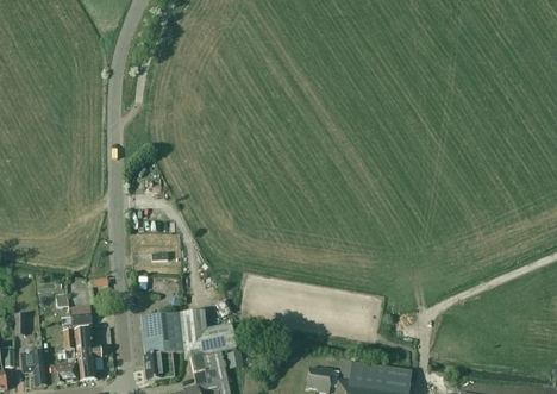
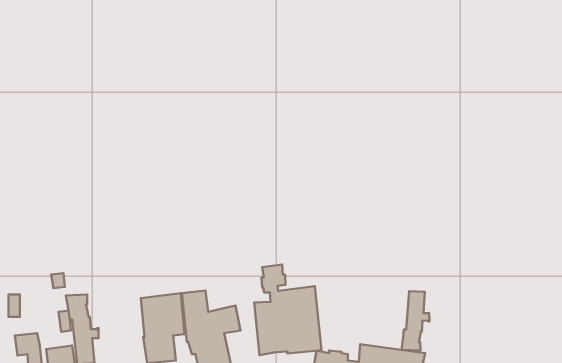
building: none -> [254,265,322,355]
building: none -> [401,291,429,351]

